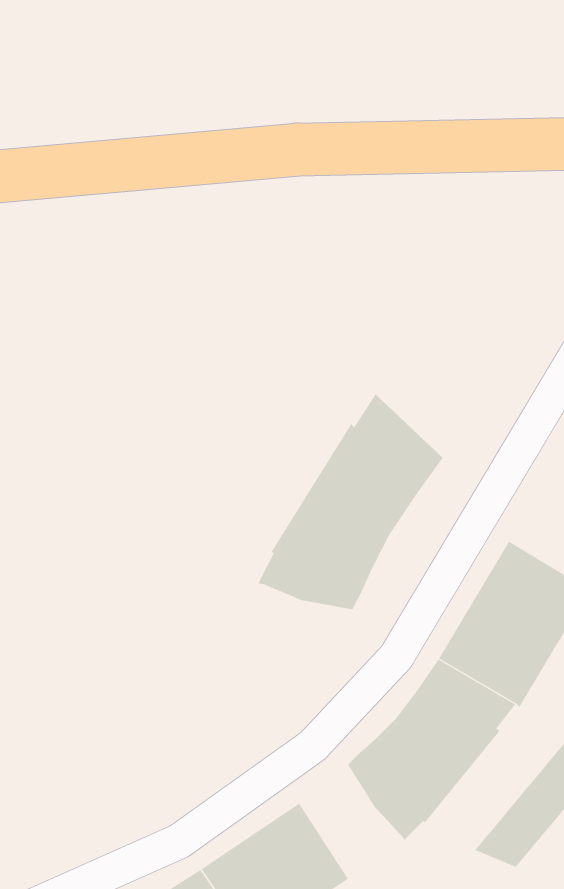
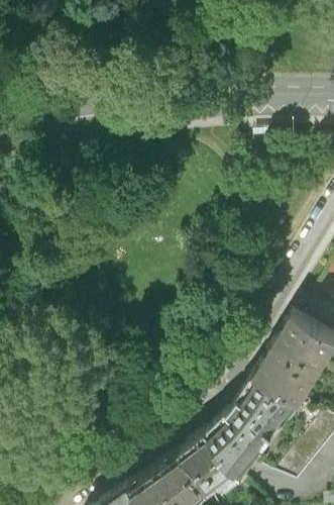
building: [258,394,444,610] -> none
building: none -> [183,431,236,492]

